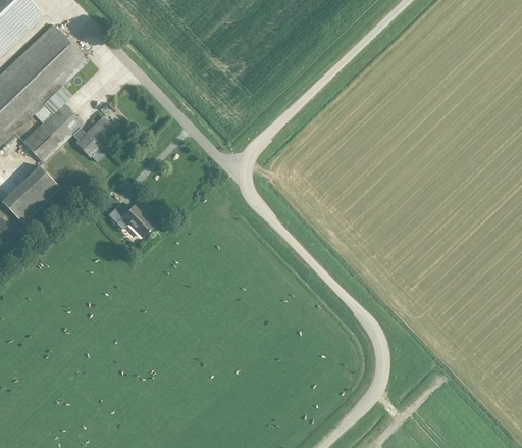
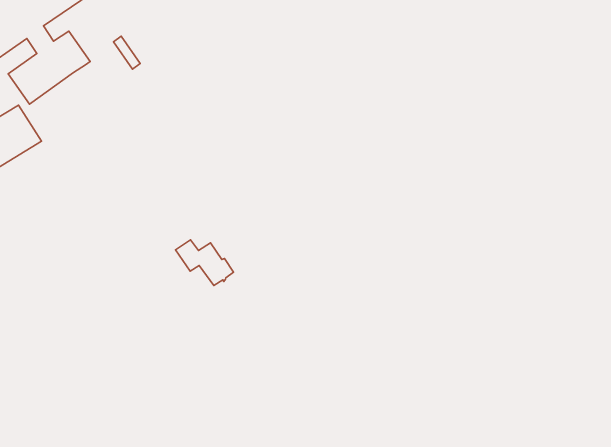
building: [71,118,113,161] -> none
building: [108,204,154,236] -> [176,240,233,285]

